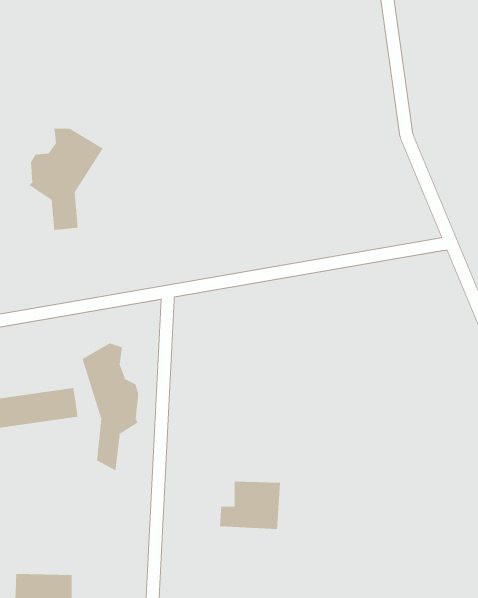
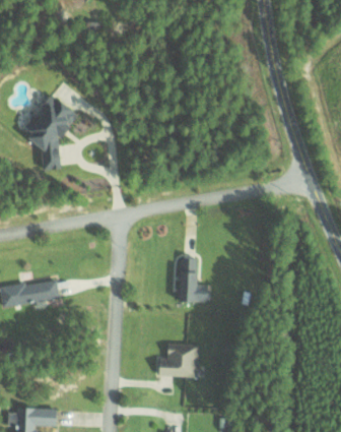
building: [82,342,139,471] -> none
building: none -> [176,257,209,302]

